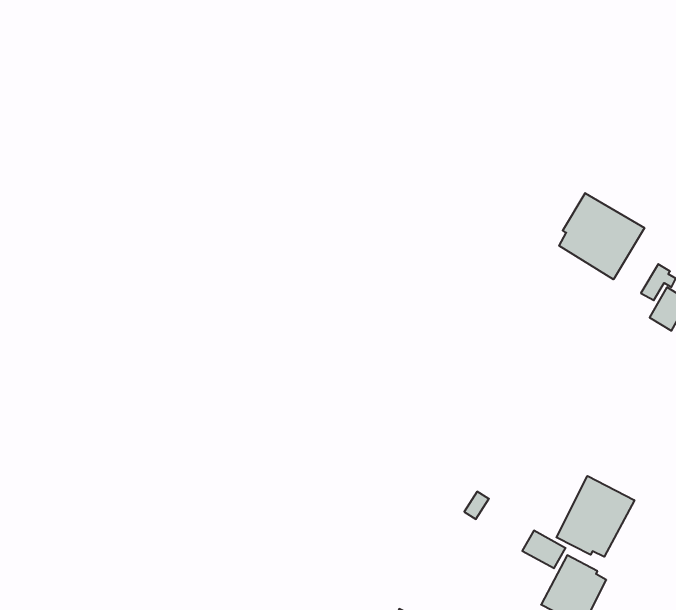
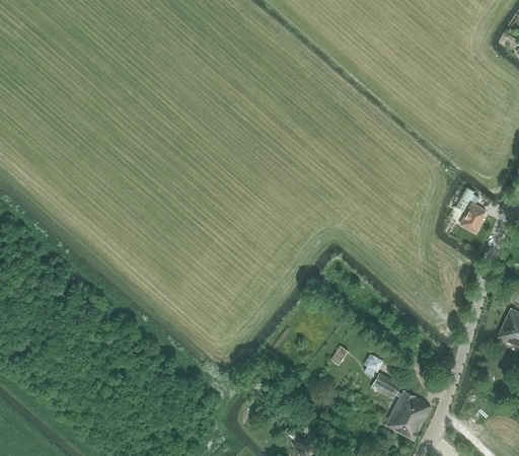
building: [559,193,644,279] -> none
building: [556,476,634,557] -> none

